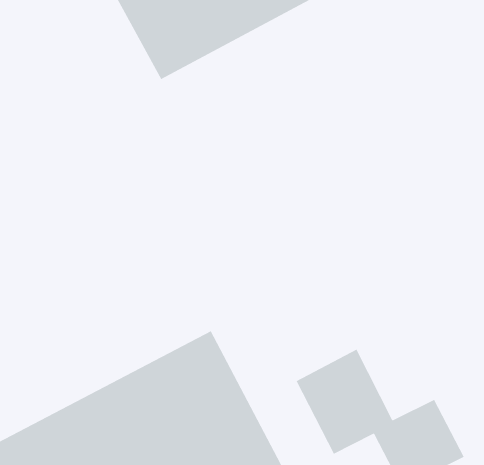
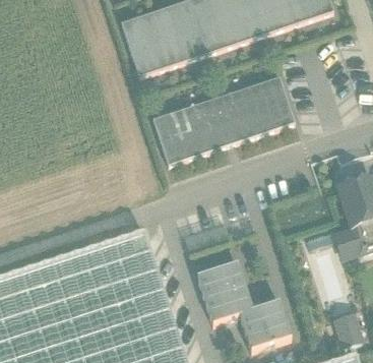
building: none -> [151,80,294,168]

